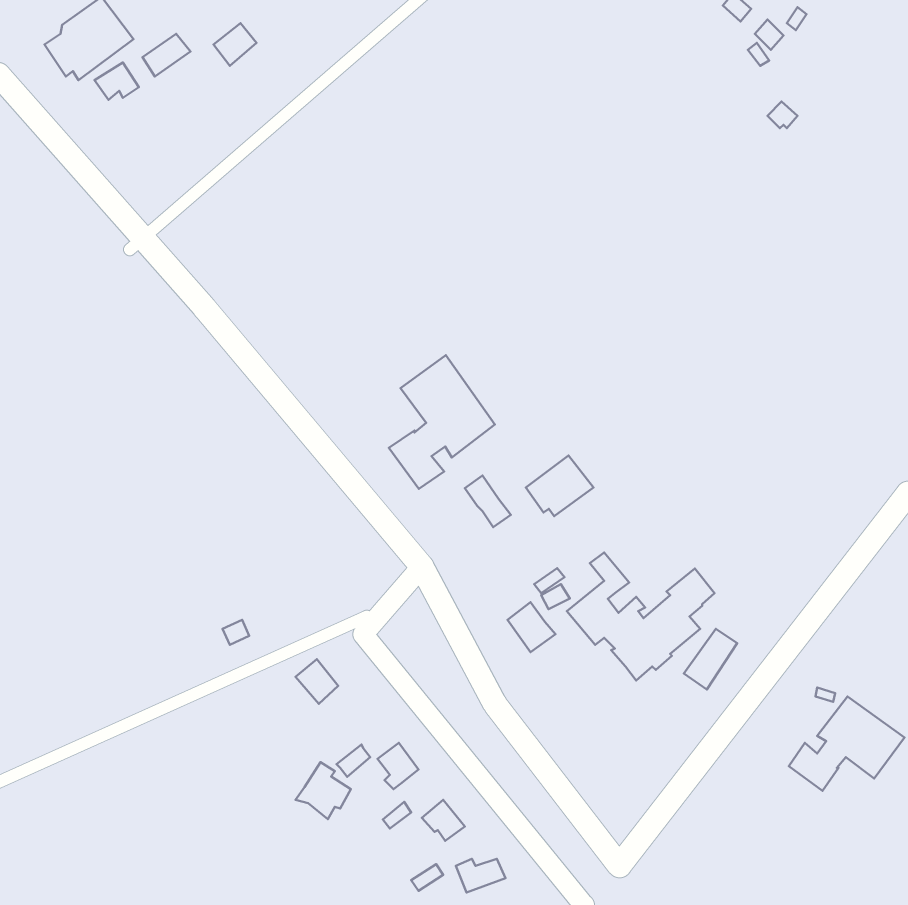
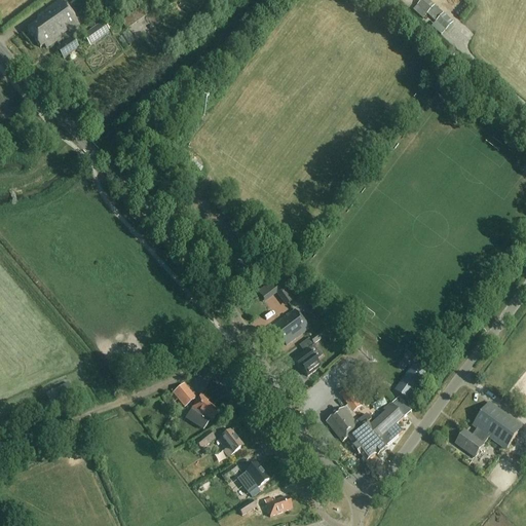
building: [389,355,495,489] -> none
building: [526,455,593,516] -> [269,308,308,343]
building: [567,552,715,681] -> [326,386,411,460]
building: [296,762,351,819] -> [186,391,218,424]

